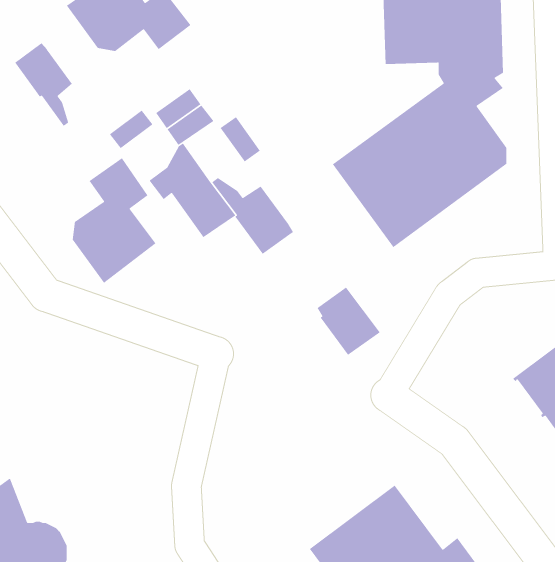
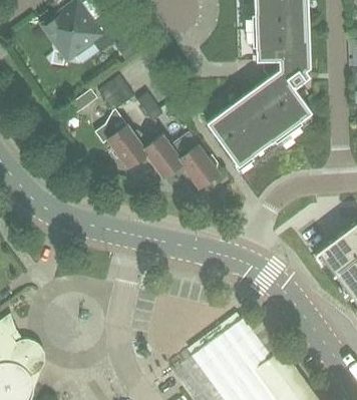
building: [14,43,73,127] -> none
building: [72,157,156,284] -> none
building: [316,286,381,356] -> [180,145,219,187]

